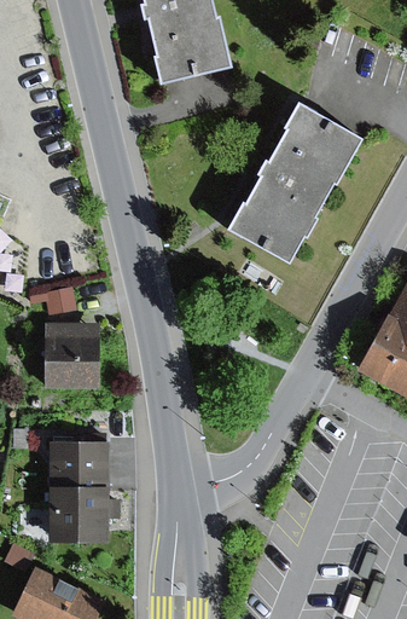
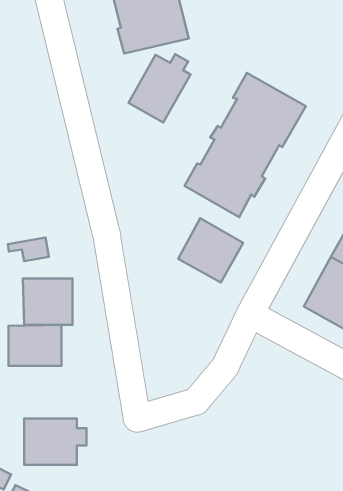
building: none -> [128,54,190,122]
building: none -> [178,218,243,282]
building: [46,445,105,491] -> [9,325,61,366]

